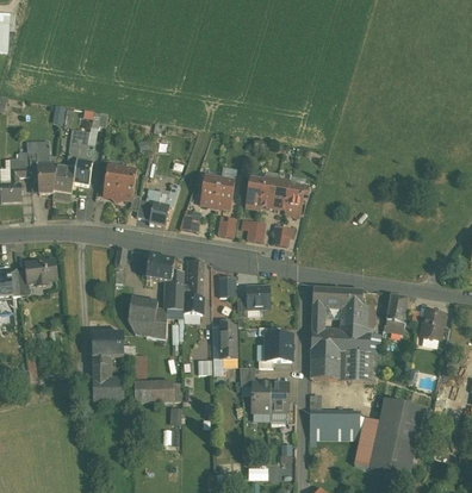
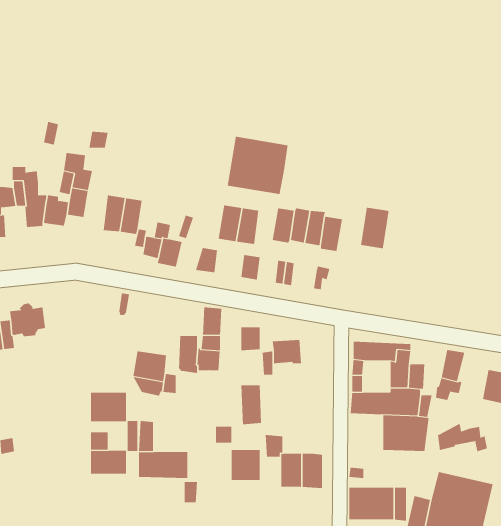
building: none -> [227,136,288,195]
building: none -> [360,207,389,249]
building: [144,255,174,281] -> none
building: [265,335,290,361] -> [231,449,261,481]
building: [309,349,337,380] -> none
building: none -> [437,423,488,452]

